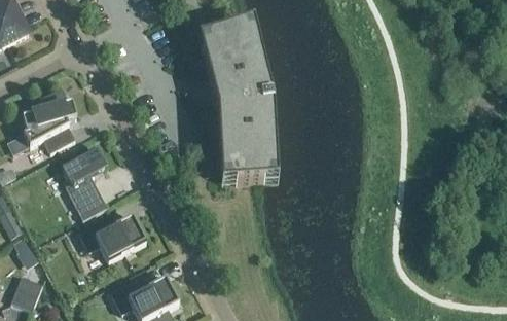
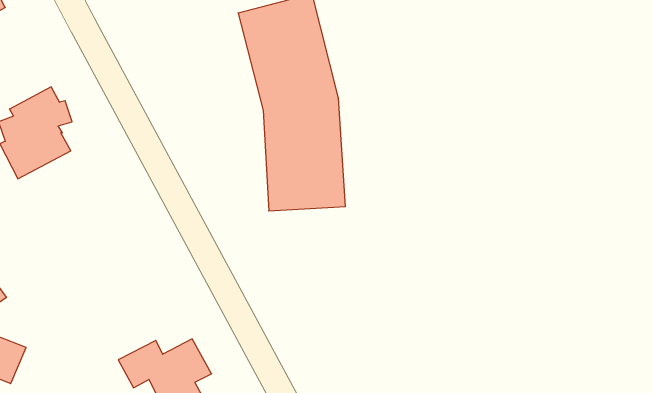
building: [63,148,108,219] -> none
building: [78,215,147,261] -> none

